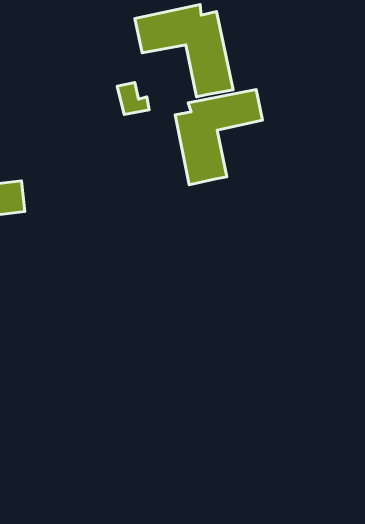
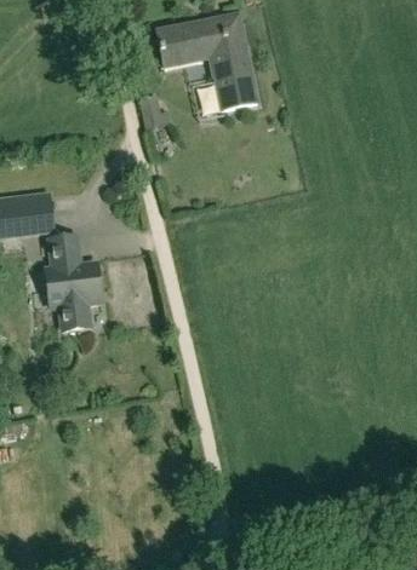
building: [175,90,262,185] -> none
building: none -> [45,235,103,332]

